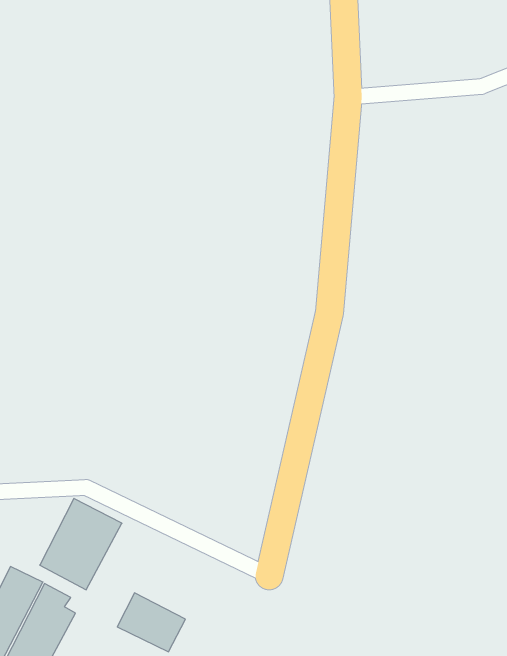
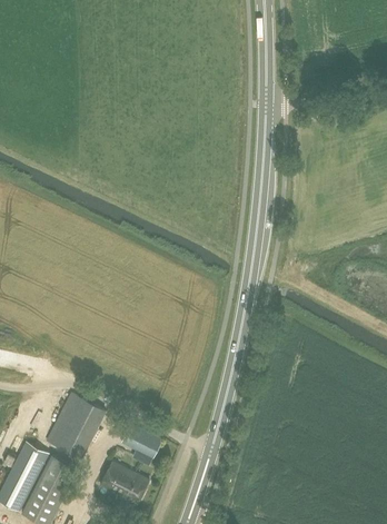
building: none -> [121,424,161,458]

